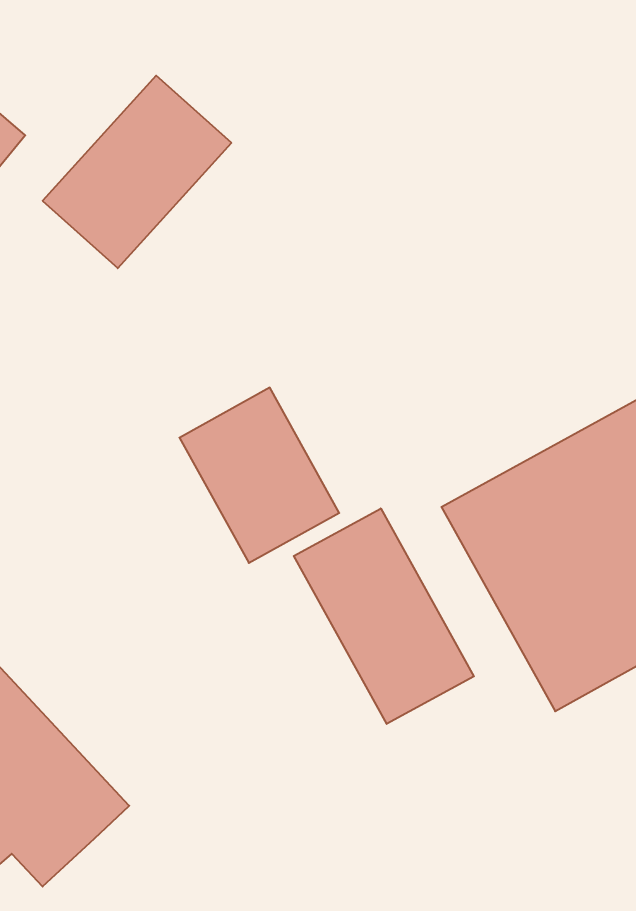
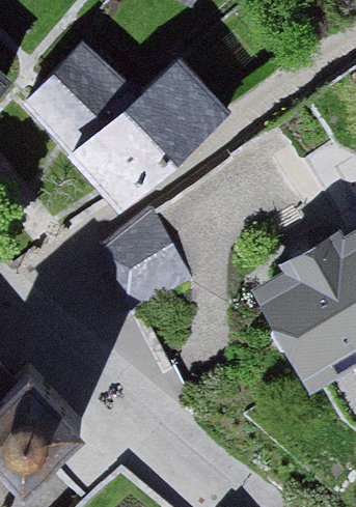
building: none -> [78,66,223,208]
building: [294,508,474,724] -> none

